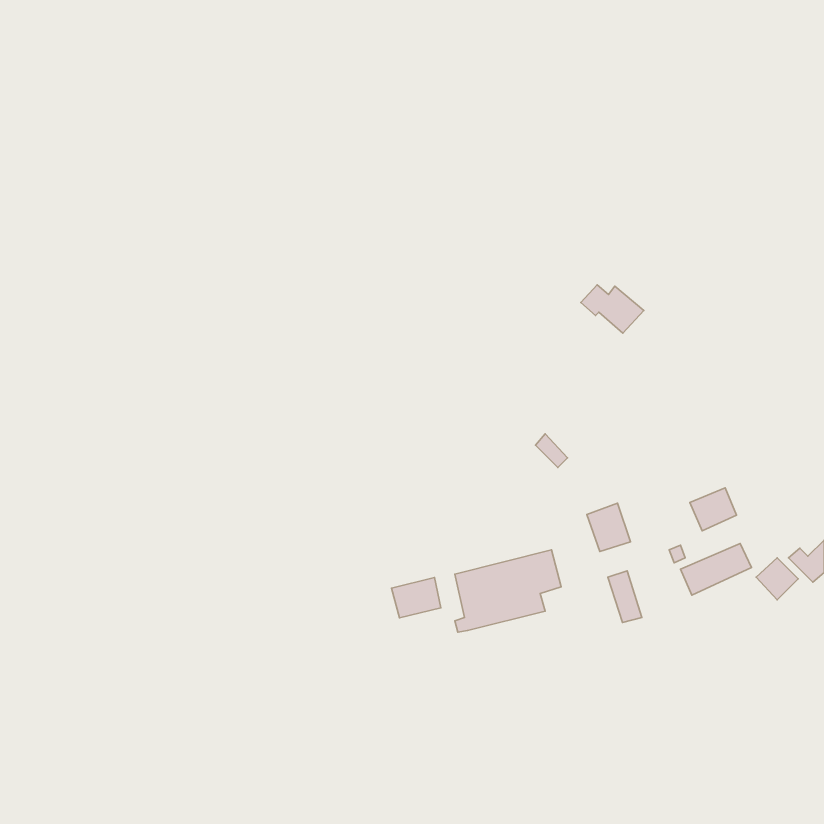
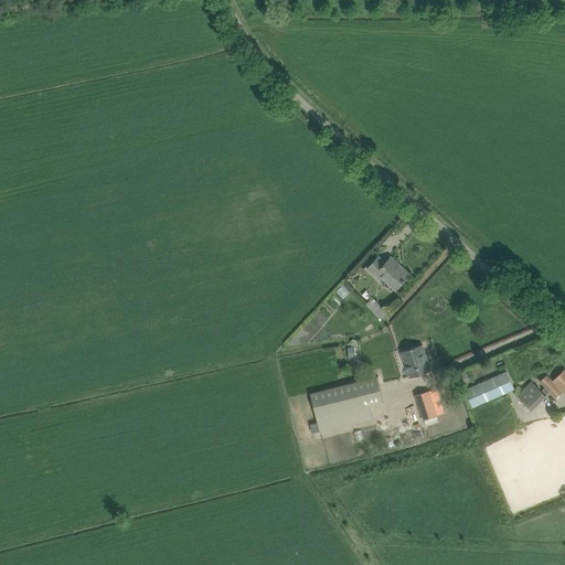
building: [581,285,644,333] -> [367,256,411,289]
building: [690,488,736,531] -> none
building: [392,578,441,618] -> none

